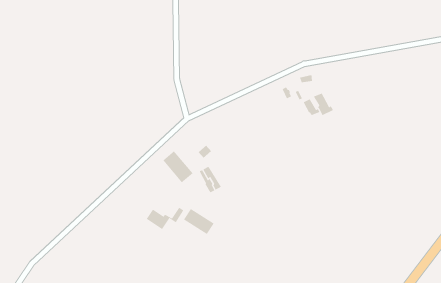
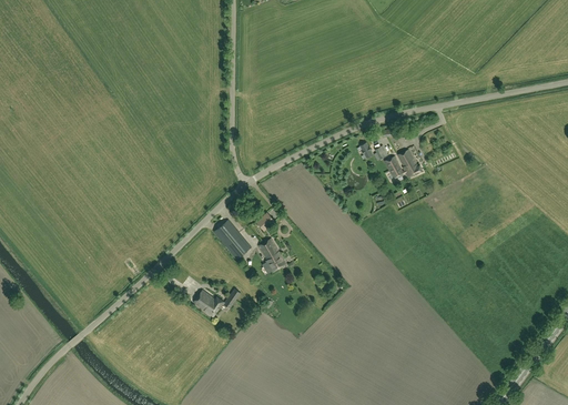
building: [183,208,214,235] -> none

